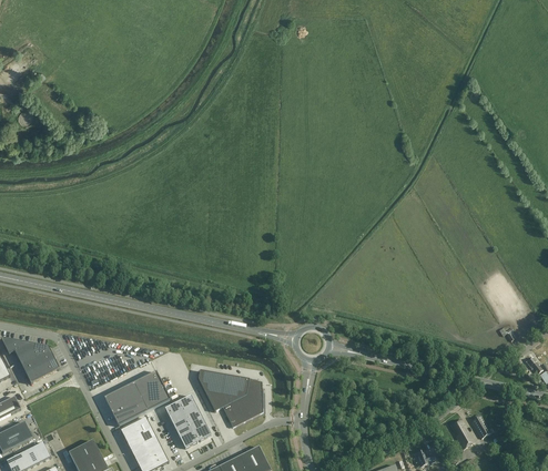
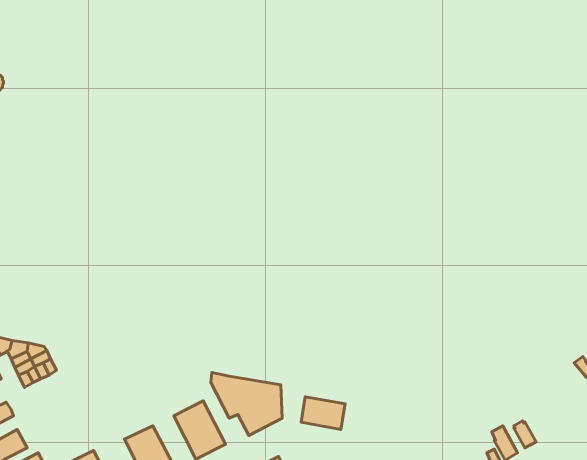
building: [103,370,170,424] -> none
building: none -> [301,397,345,429]

